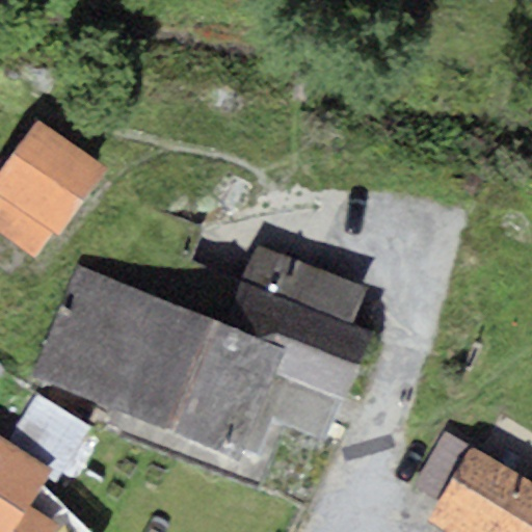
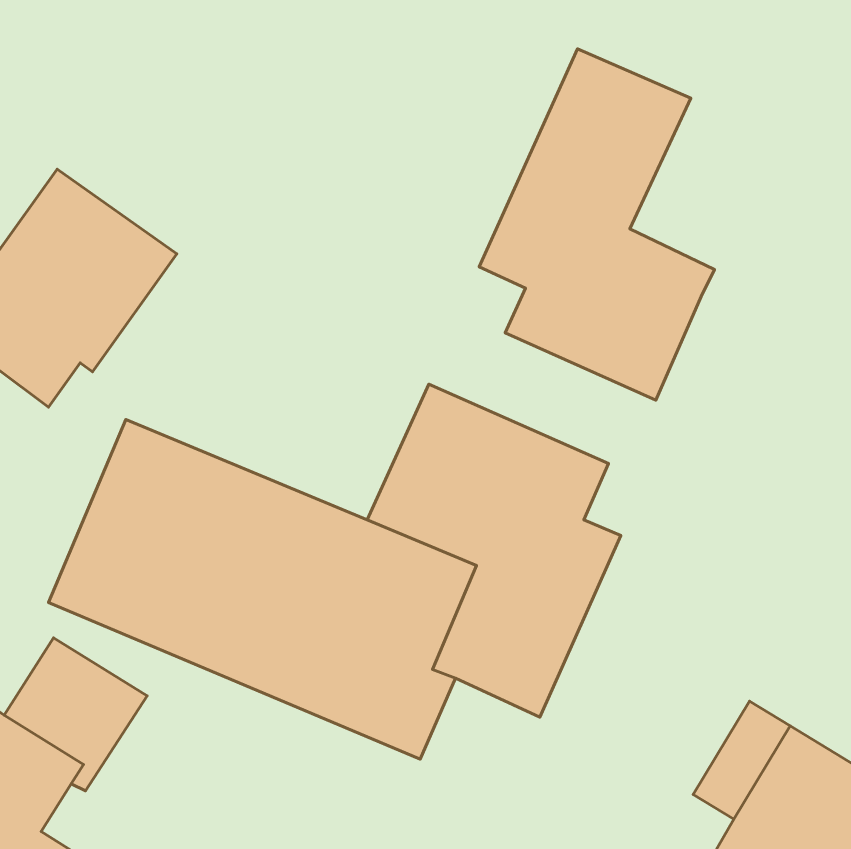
building: none -> [479,49,714,400]

